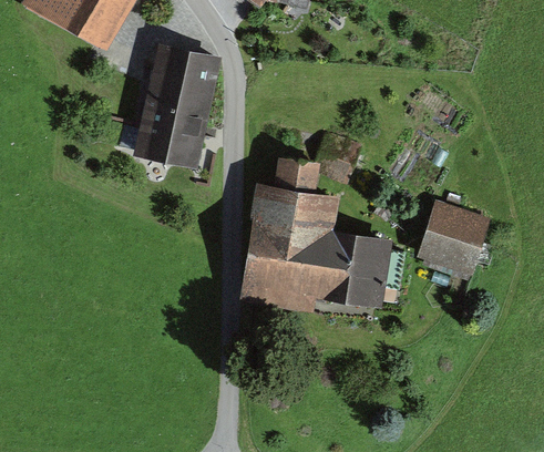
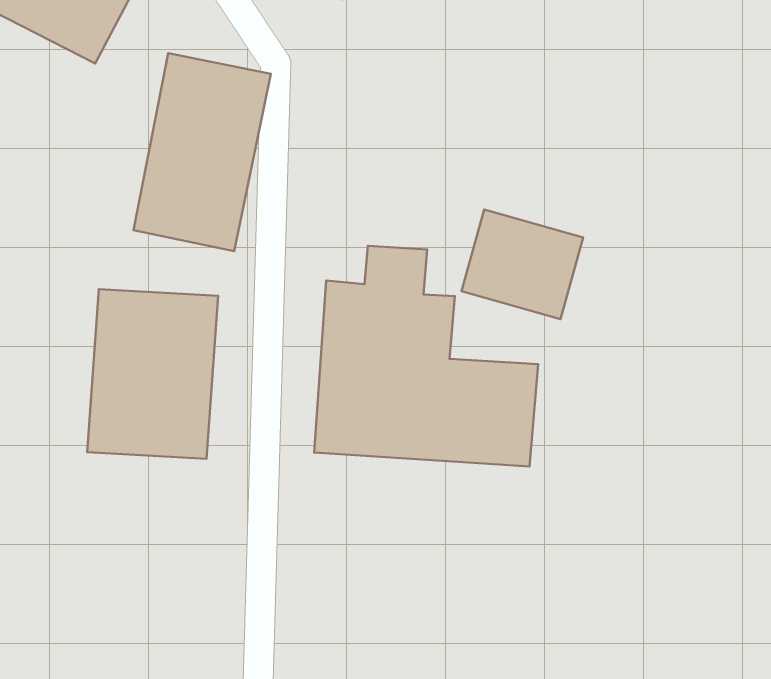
building: none -> [87,289,218,459]
building: [414,204,492,274] -> [461,210,583,319]

